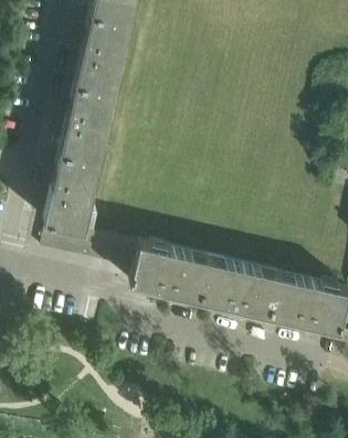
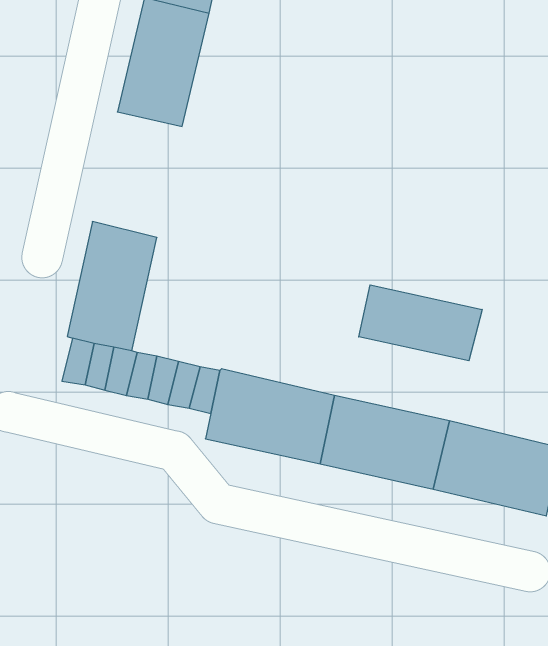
building: [57,83,113,160] -> none
building: none -> [359,285,482,361]

